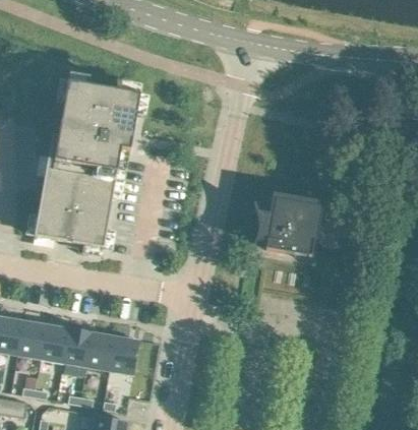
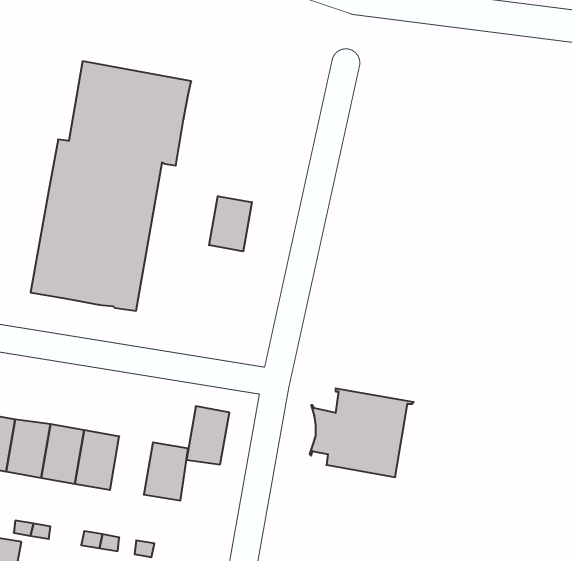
building: none -> [209,196,252,251]
building: [253,197,322,256] -> [310,388,414,477]
building: [85,331,114,370] -> [186,406,229,464]

